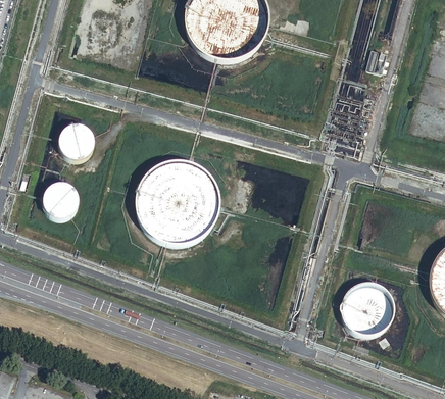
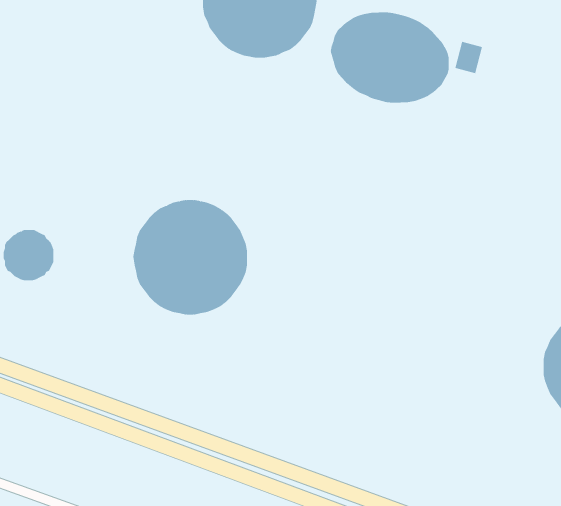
building: none -> [330,12,449,104]
building: [57,123,94,160] -> none
building: [341,284,393,335] -> none

